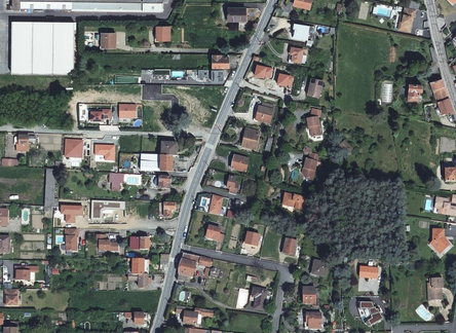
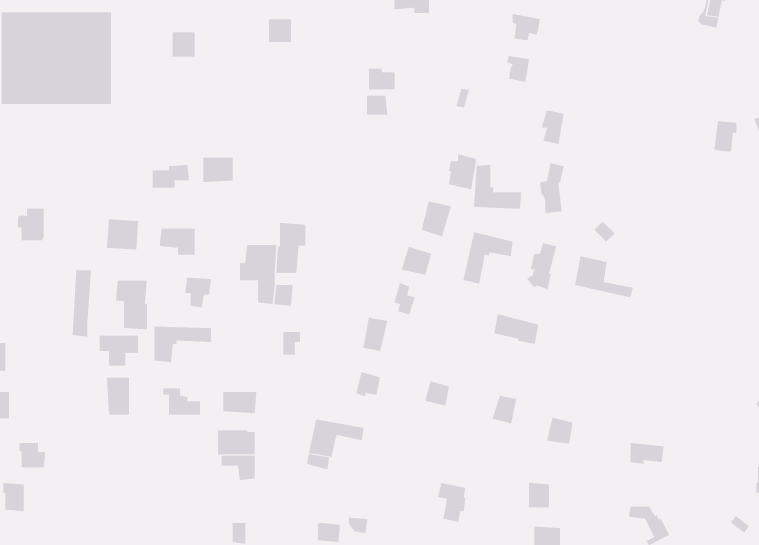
building: none -> [474,164,522,209]
building: none -> [463,231,513,285]
building: none -> [575,255,634,298]
building: none -> [115,280,147,330]

